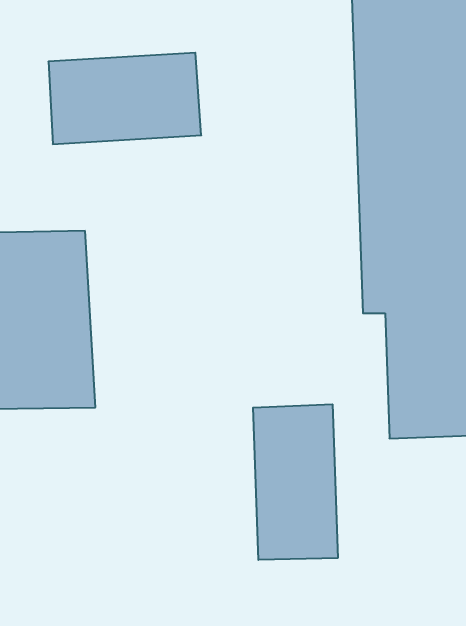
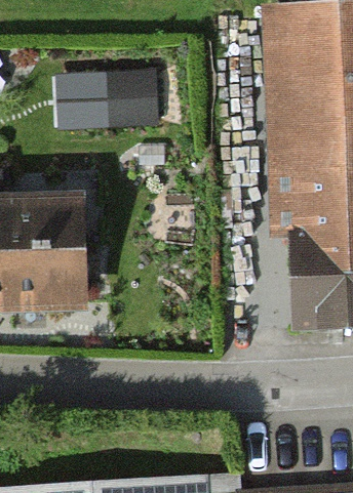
building: [253,404,338,560] -> none

